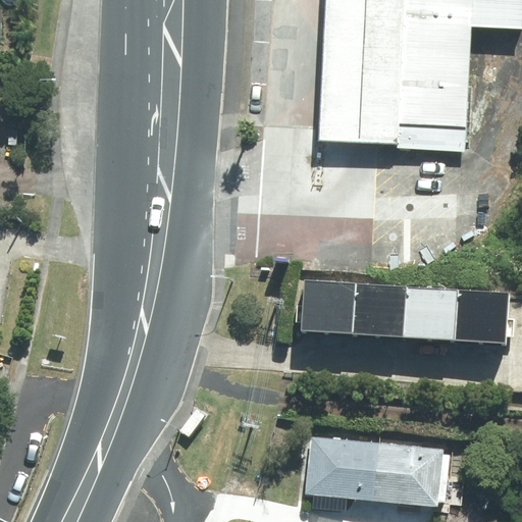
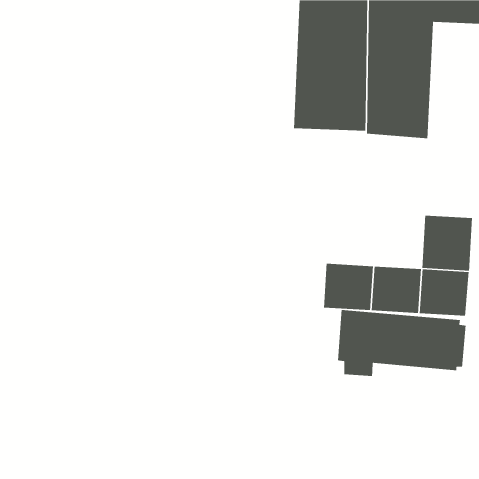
building: none -> [422,215,473,271]
building: [300,282,355,334] -> none
building: [302,435,442,509] -> [337,309,467,377]

